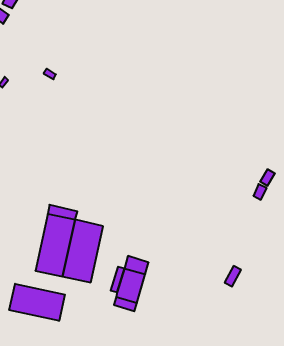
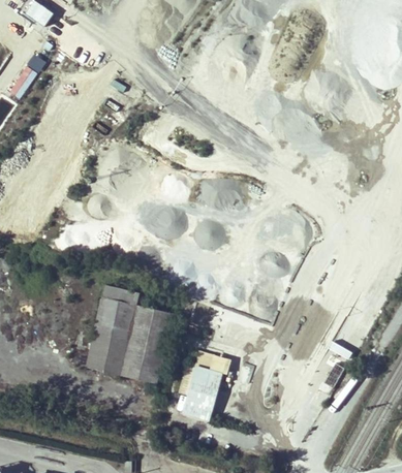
building: [9,284,65,321] -> none

